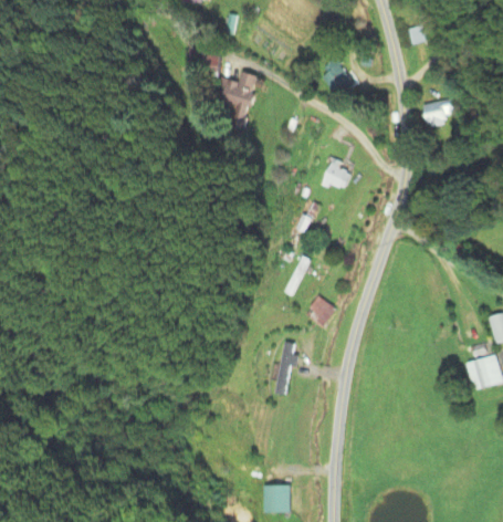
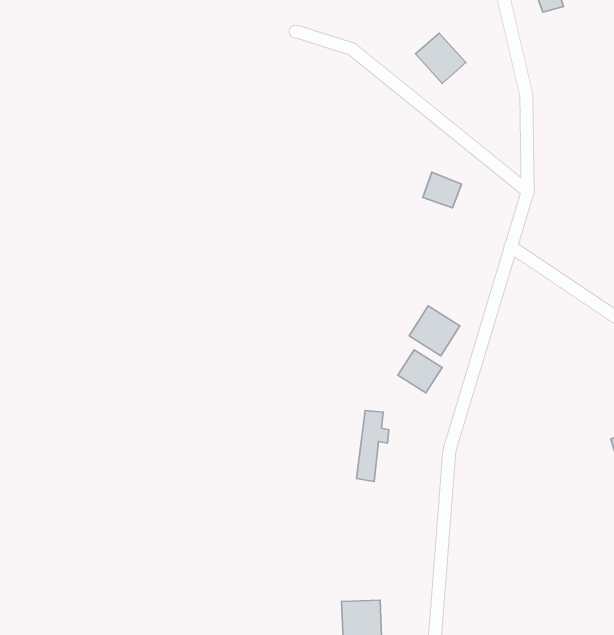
building: [217,71,256,124] -> none
building: [425,98,453,126] -> none
building: none -> [409,306,460,356]

